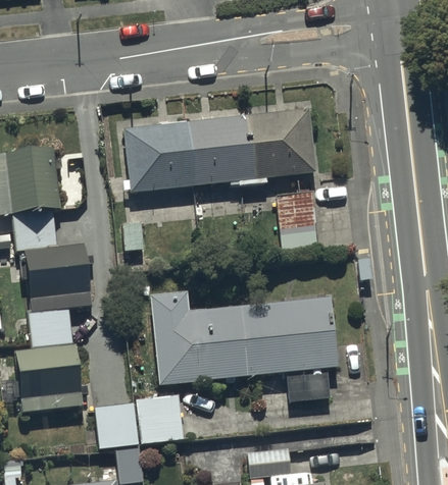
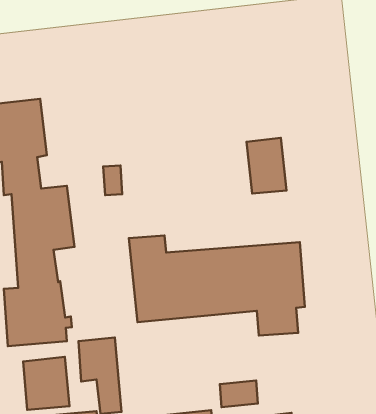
building: [123,108,315,193] -> none
building: [137,394,185,444] -> none
building: none -> [23,357,69,410]

